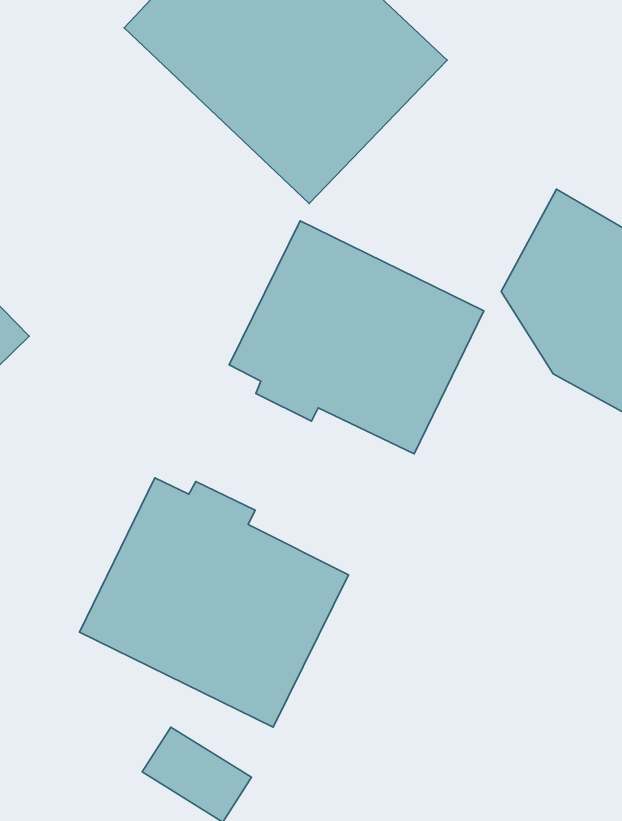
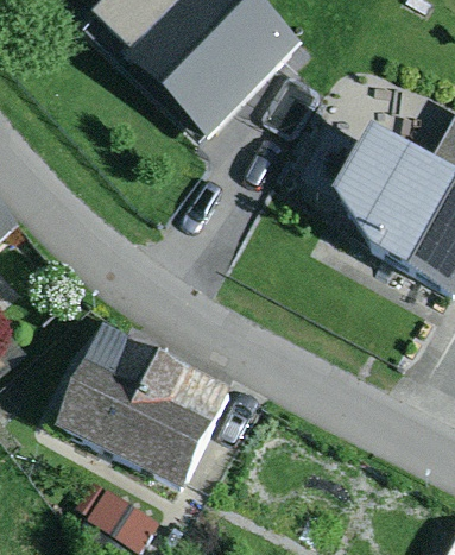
building: [229,221,484,454] -> none

